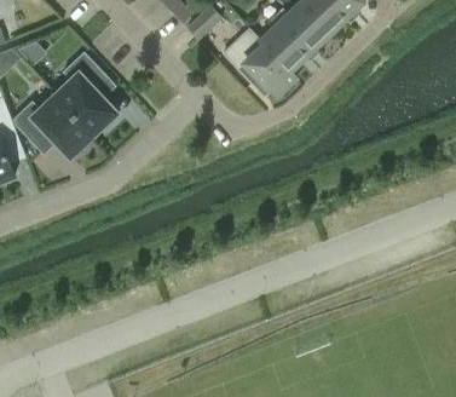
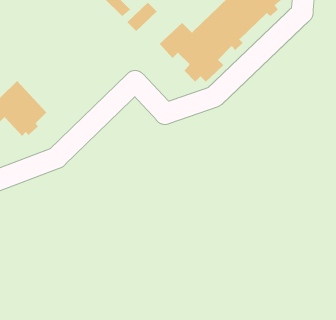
building: [64,52,117,130] -> none

